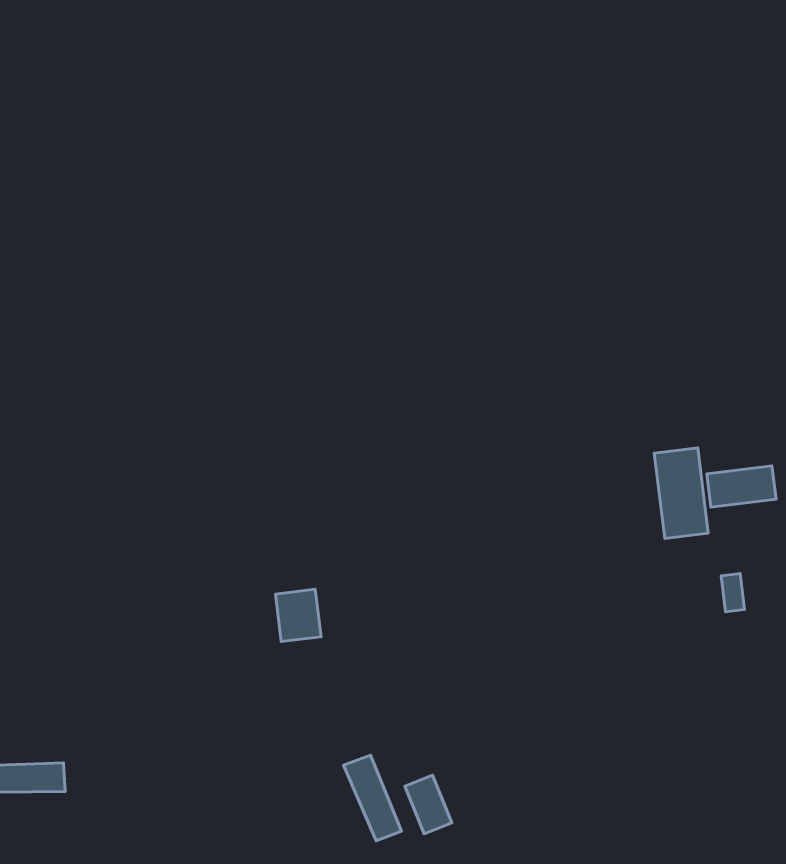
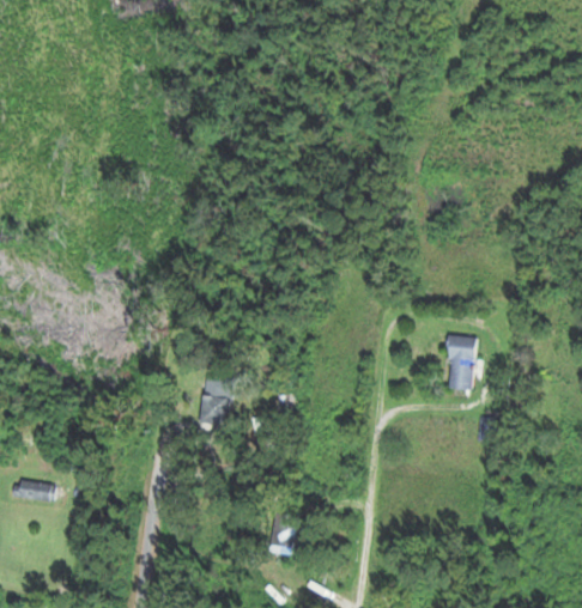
building: [707,466,776,507] -> none
building: [344,755,402,841] -> none

